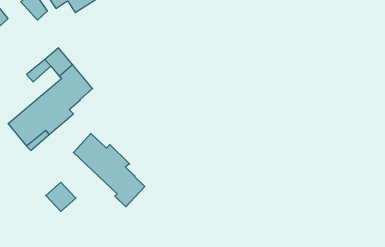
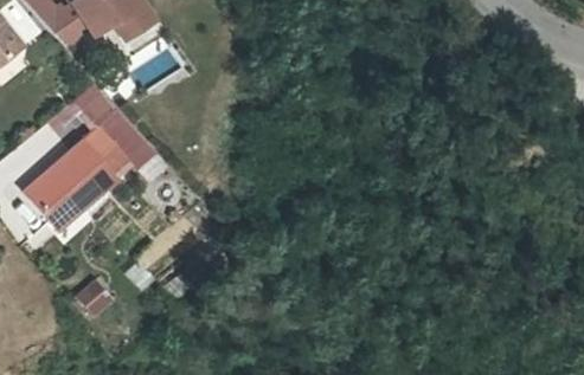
building: [73,133,145,207] -> none

